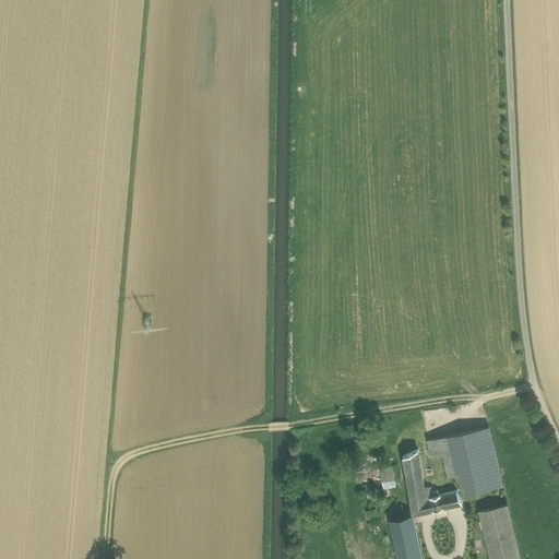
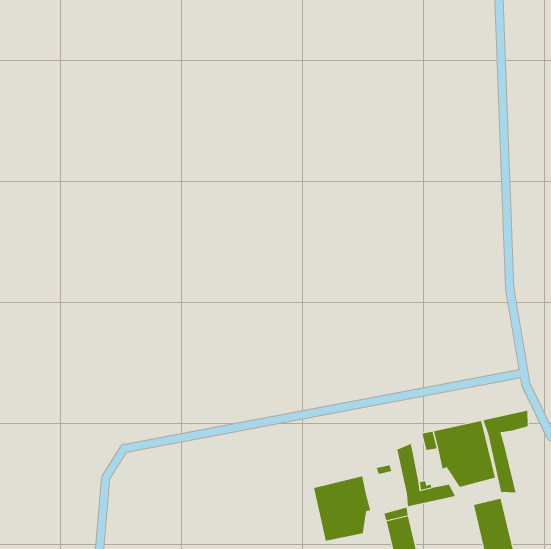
building: none -> [483,410,528,493]
building: none -> [313,475,371,541]

